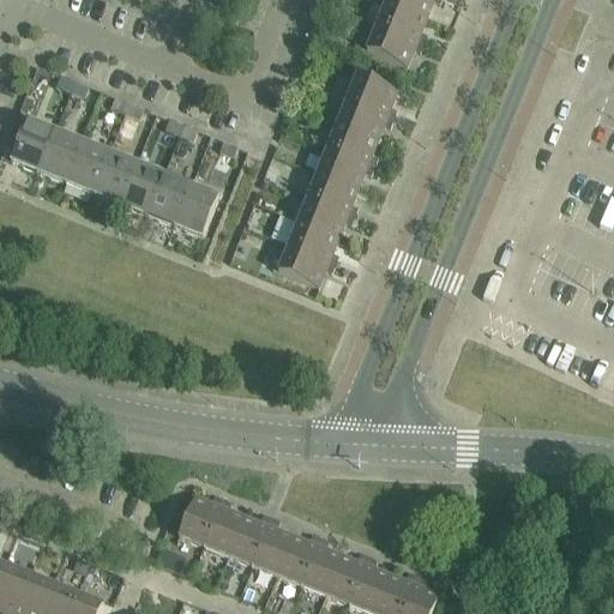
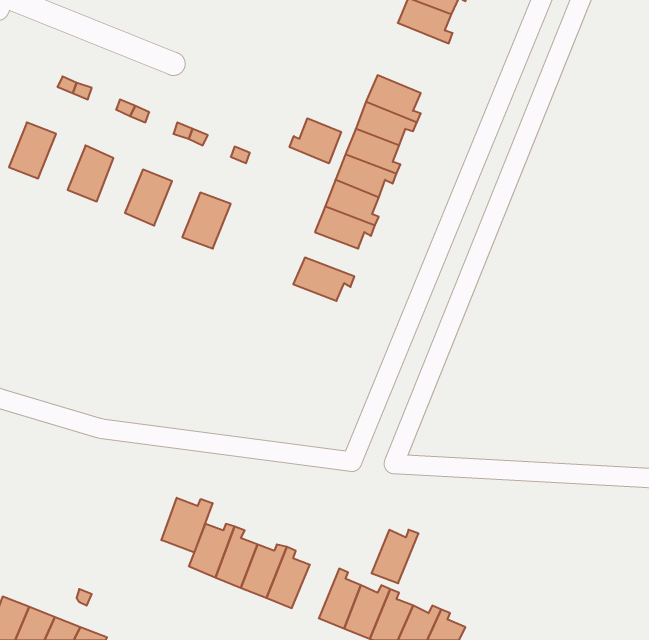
building: [365,22,422,62] -> none
building: none -> [290,118,341,163]
building: [36,126,80,179] -> none
building: [91,149,134,200] -> none
building: [145,170,188,223] -> none
building: [287,218,337,260] -> none
building: none -> [161,498,213,552]
building: [275,531,319,582] -> [371,530,419,583]

